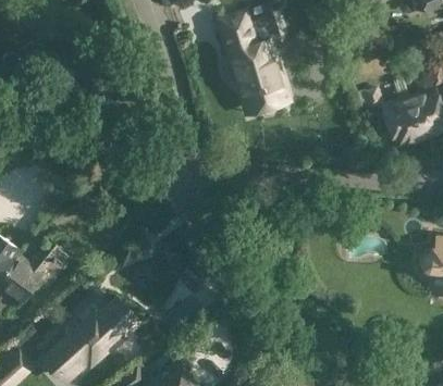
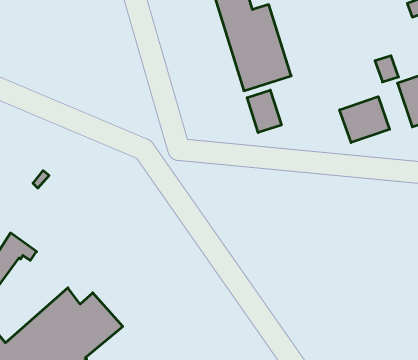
building: none -> [247,90,281,133]
building: none -> [340,97,390,143]

